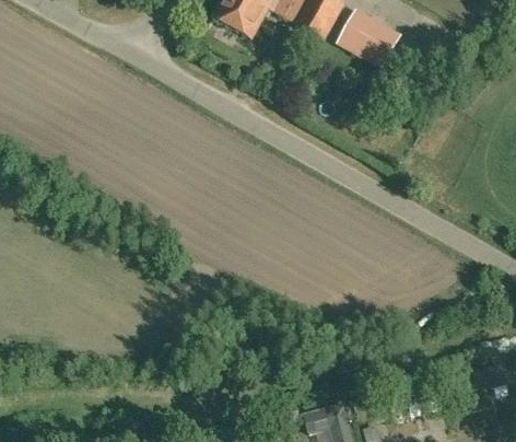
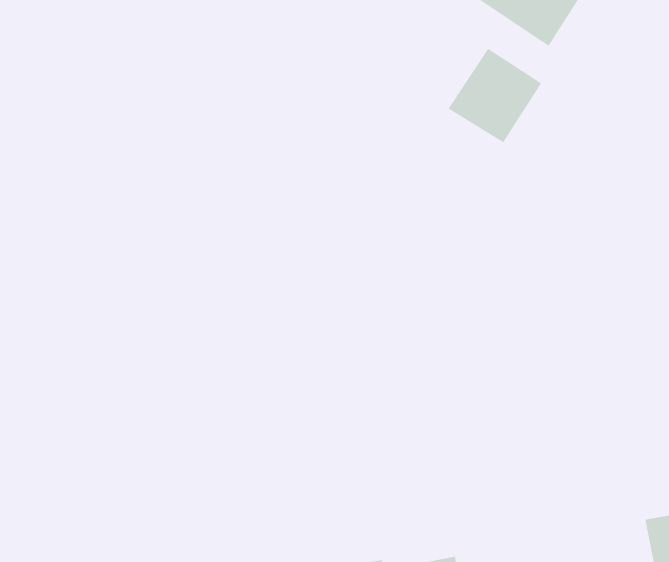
building: none -> [447,48,542,143]

